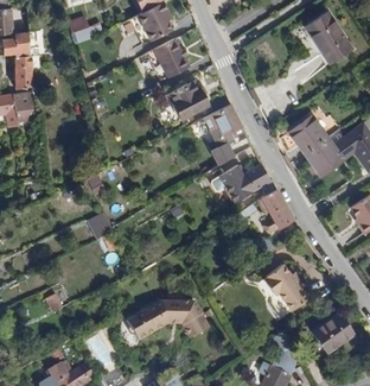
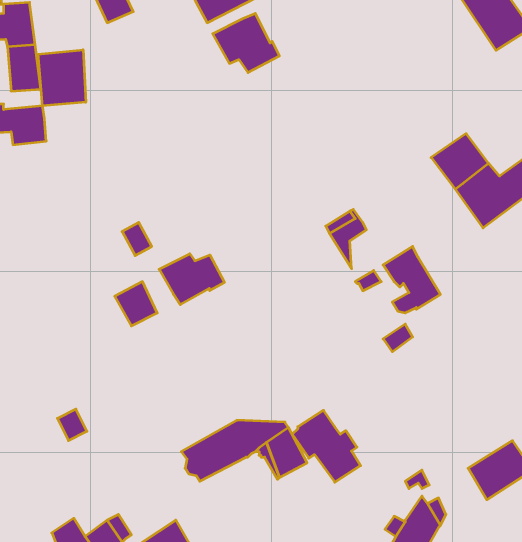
building: none -> [38,50,86,106]
building: [165,81,209,120] -> none
building: [204,103,243,163] -> none
building: [236,162,272,202] -> none
building: none -> [159,254,224,305]
building: [264,262,308,309] -> [292,410,361,482]

